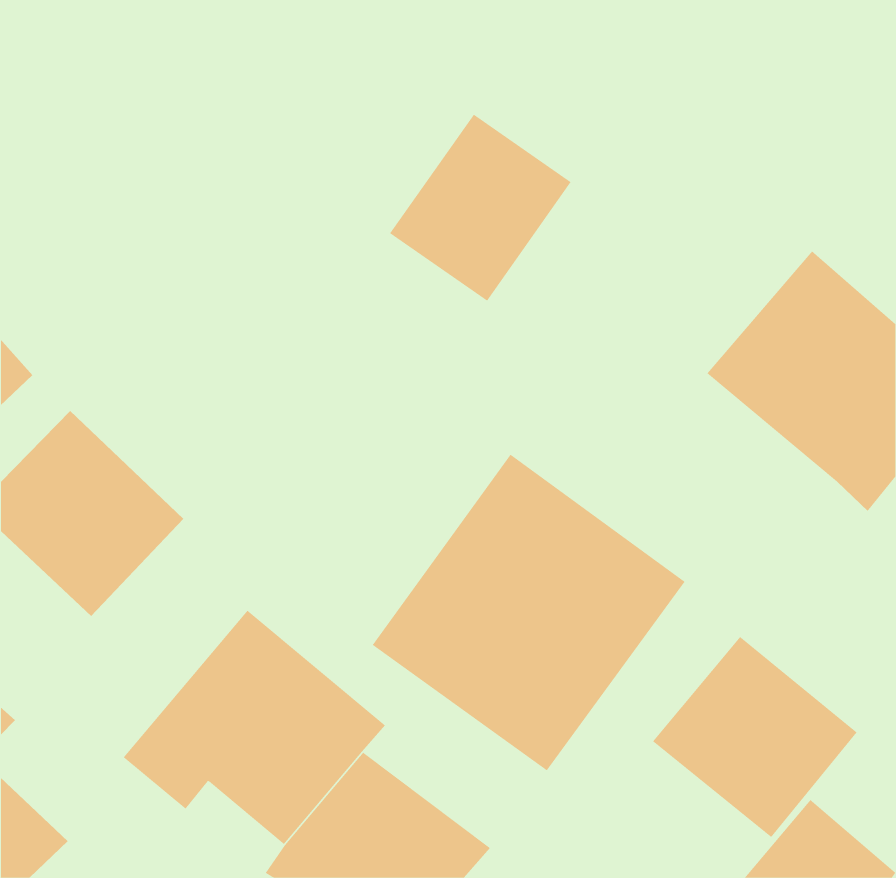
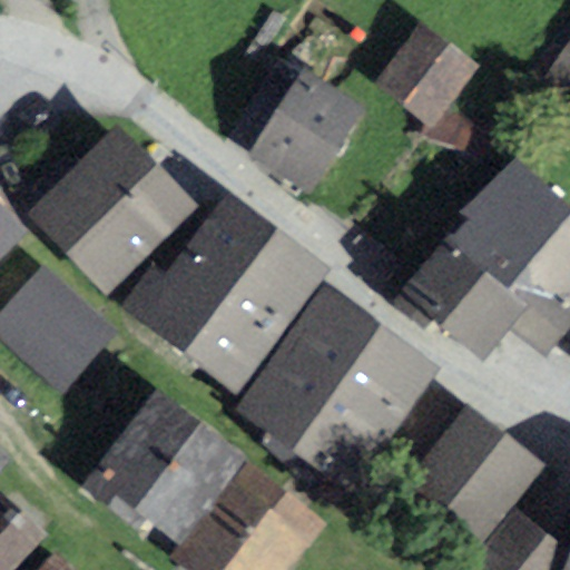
building: none -> [377,20,480,122]
building: none -> [26,125,198,296]
building: none -> [119,190,328,392]
building: none -> [401,237,531,363]

